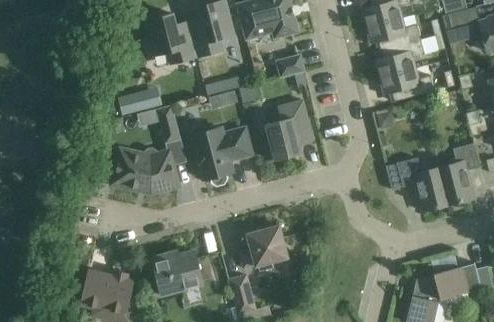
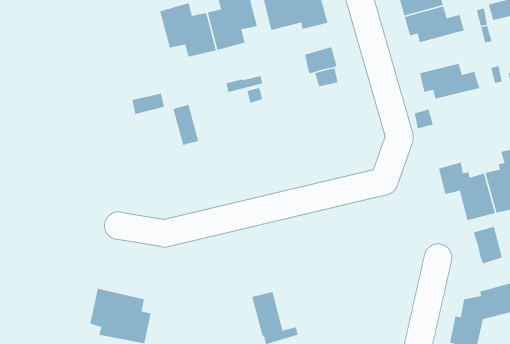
building: [375,38,425,76] -> none
building: [266,99,312,159] -> none
building: [192,126,252,183] -> none
building: [112,148,178,192] -> none
building: none -> [473,226,503,265]
building: [239,224,288,270] -> none
building: [153,250,203,293] -> none

